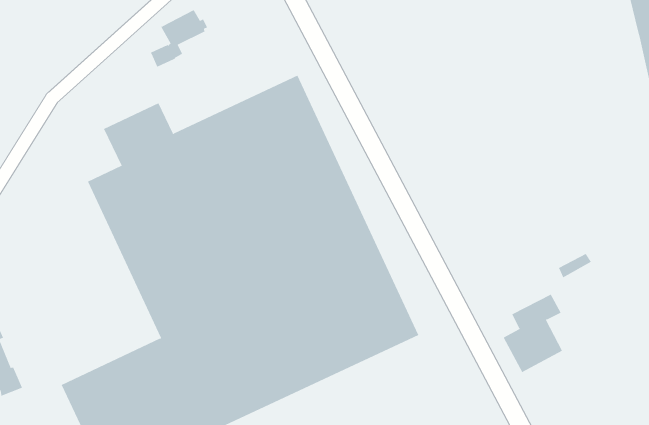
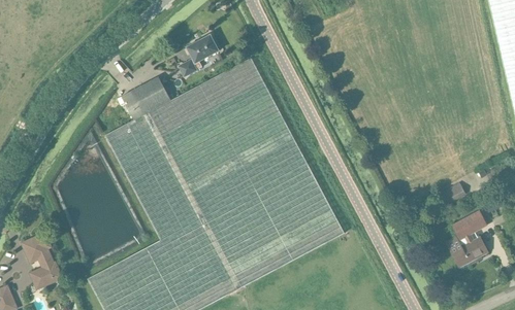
building: [149,8,208,68] -> [178,34,219,76]
building: [503,294,563,373] -> [445,211,487,267]

